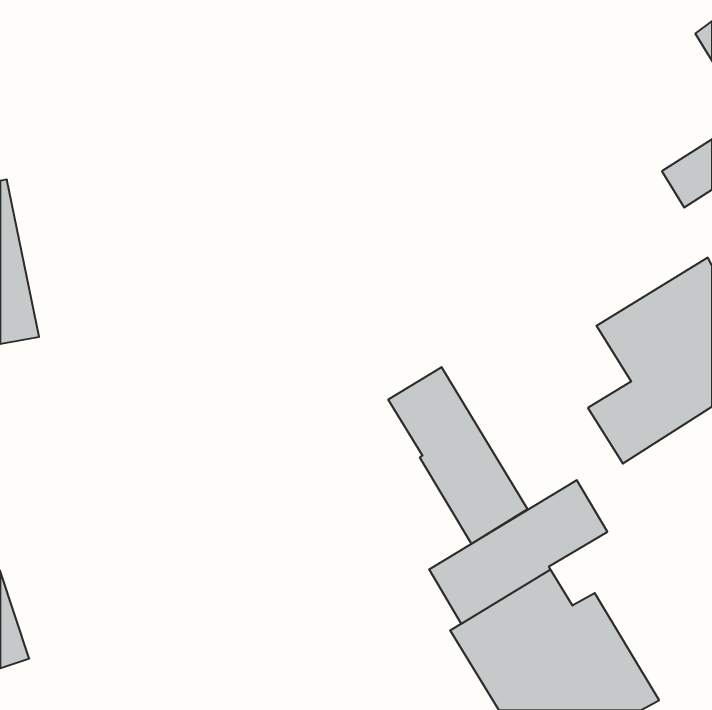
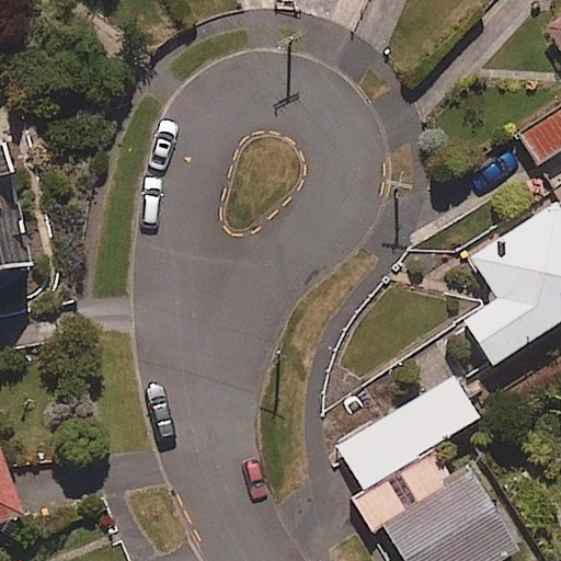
building: [388,367,528,544] -> none

